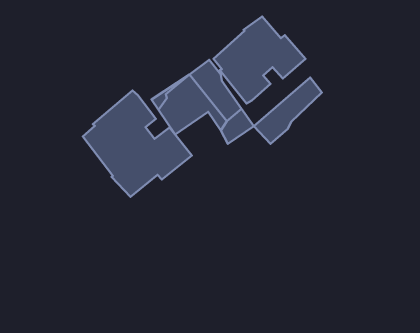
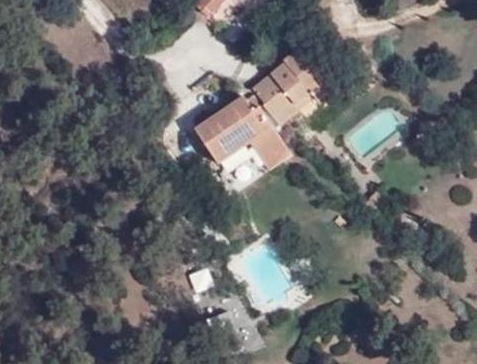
building: [254,78,322,144] -> none
building: [83,90,192,197] -> none

